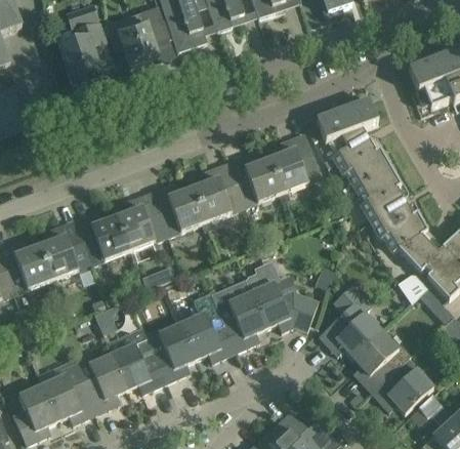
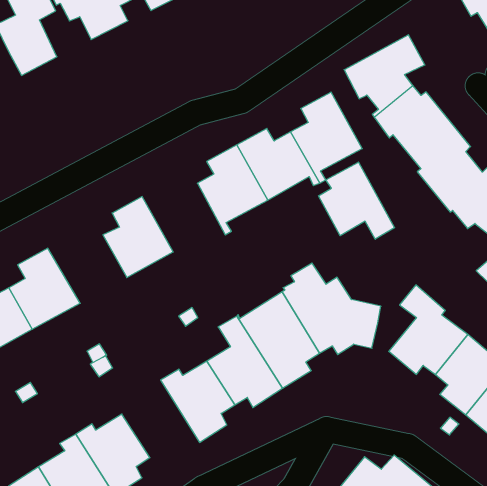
building: [151,182,209,237] -> none
building: none -> [319,162,395,239]
building: [74,211,130,266] -> none
building: [107,327,167,394] -> none

